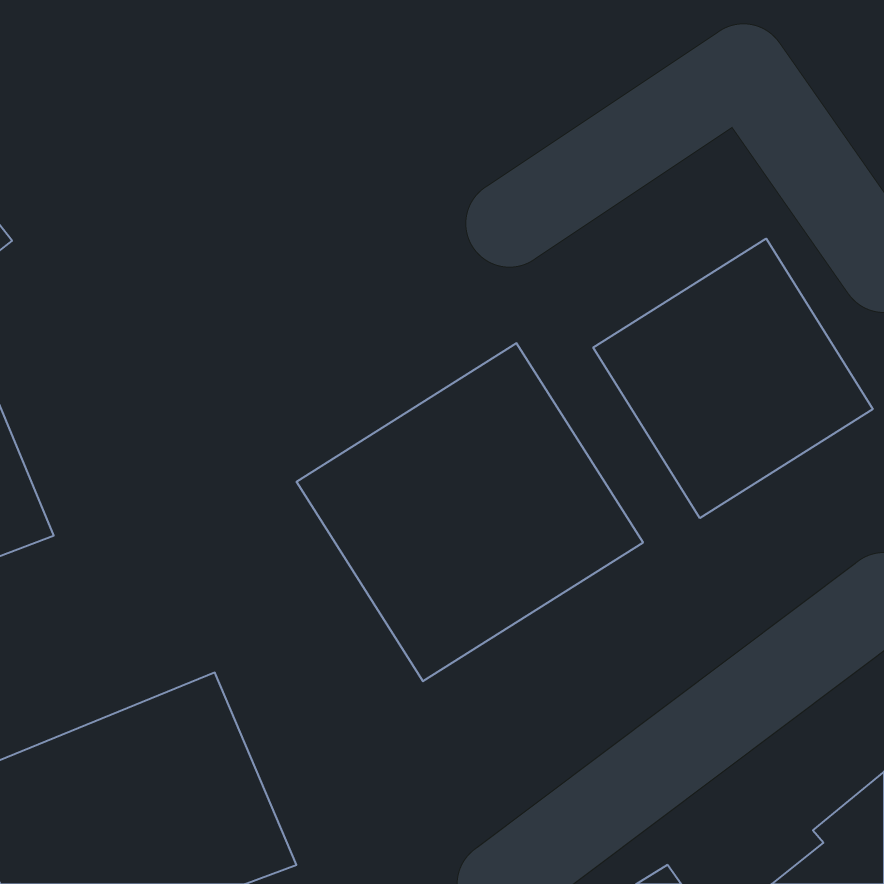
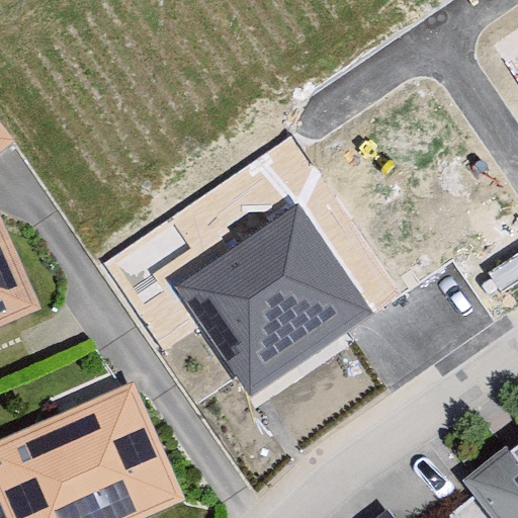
building: [593,239,873,518] -> none

